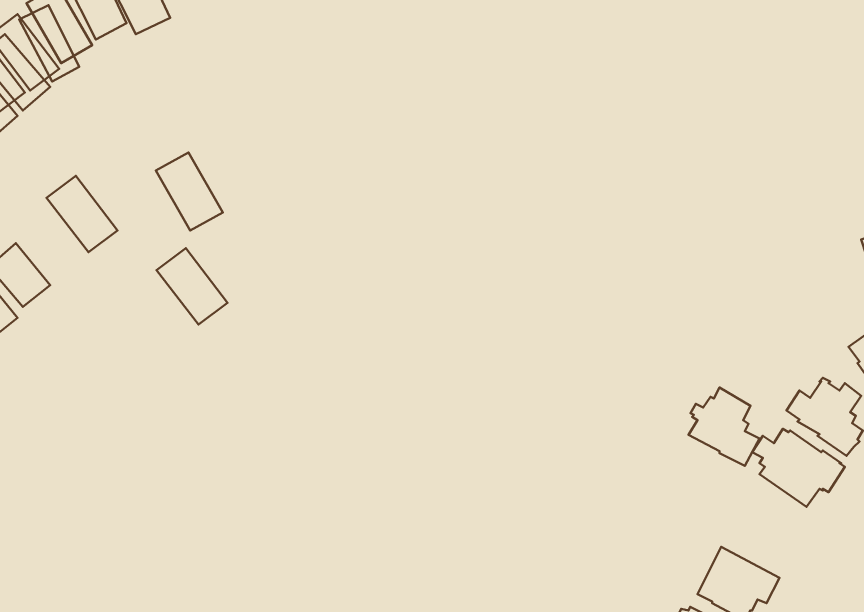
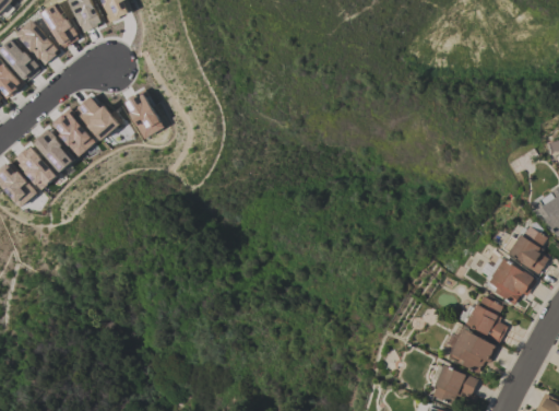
building: none -> [35,129,80,172]
building: [157,248,228,325] -> [80,90,122,136]
building: [689,388,759,466] -> [465,296,508,343]

